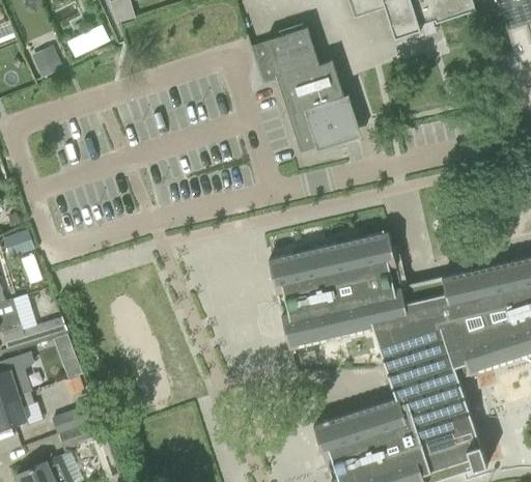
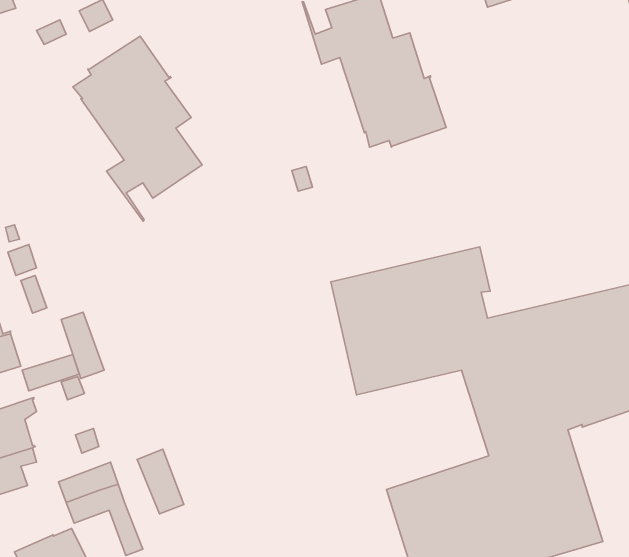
building: none -> [73,36,202,221]
building: none -> [61,312,104,379]
building: none -> [137,449,184,514]

